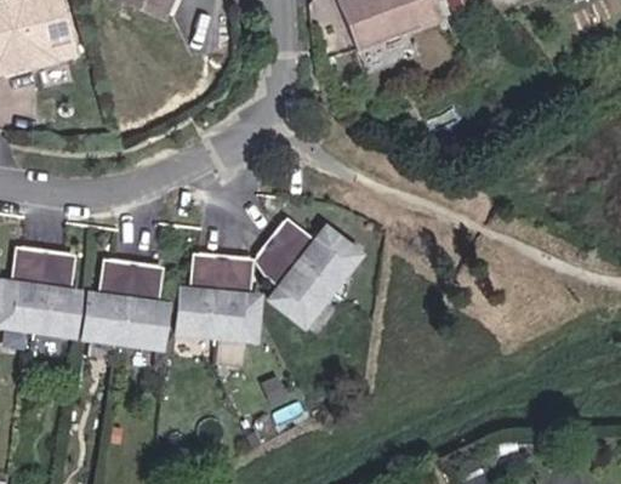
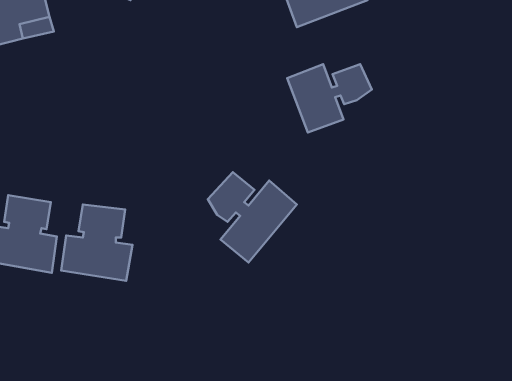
building: none -> [287,64,372,133]
building: [177,255,258,342] -> none

